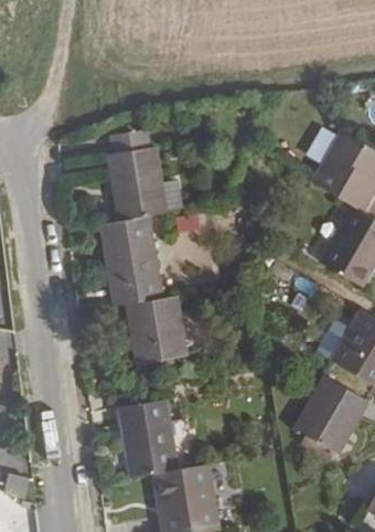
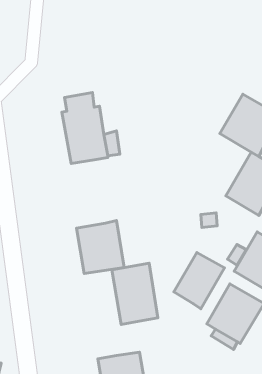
building: [99,216,163,306] -> none
building: none -> [174,253,224,309]
building: [118,398,178,478] -> [112,263,158,325]

